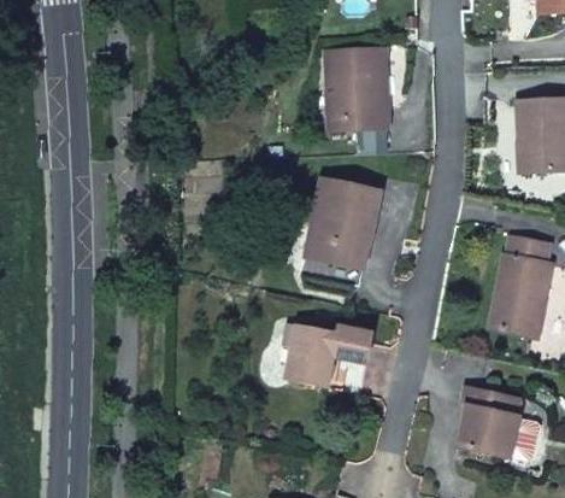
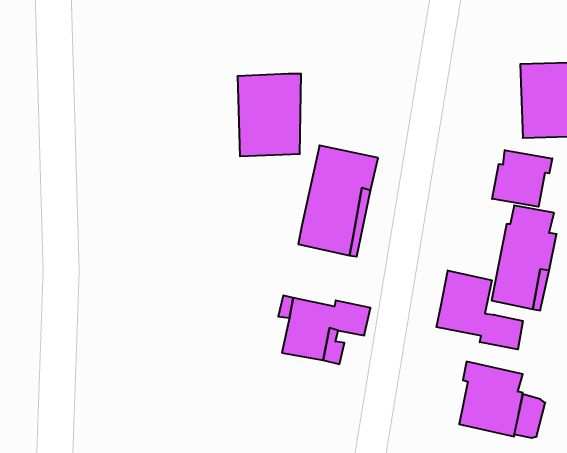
building: [326,48,388,128] -> [237,74,301,156]
building: none -> [492,150,552,207]
building: none -> [436,270,523,349]

